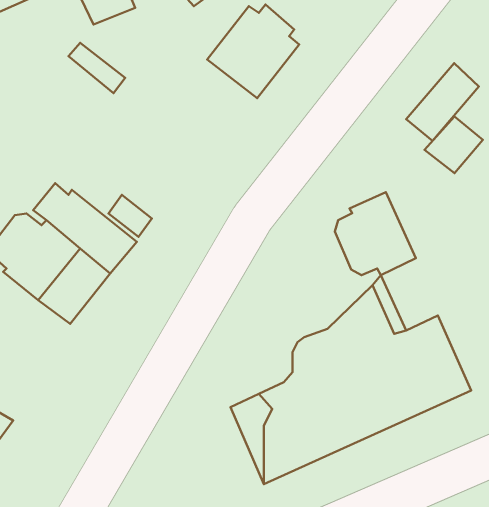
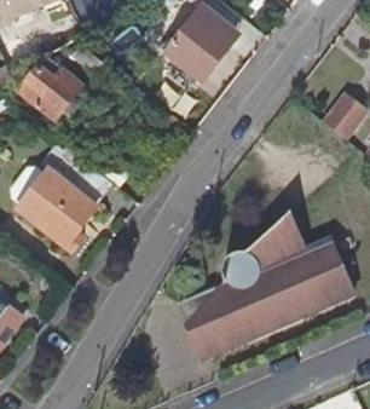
building: [406,63,479,141] -> none
building: none -> [25,71,88,123]
building: [335,192,416,275] -> none

